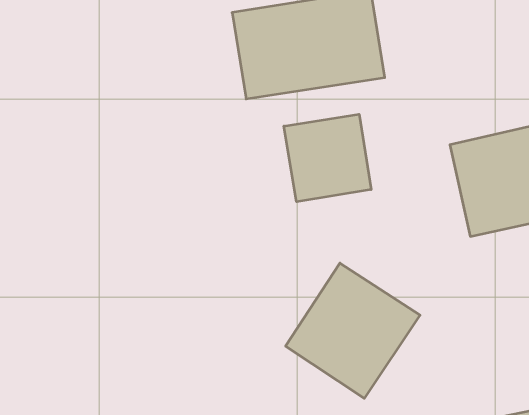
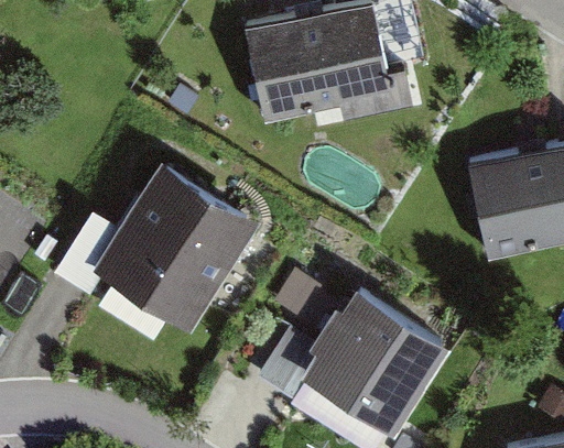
building: [284,114,371,202] -> none
building: none -> [98,163,258,326]

